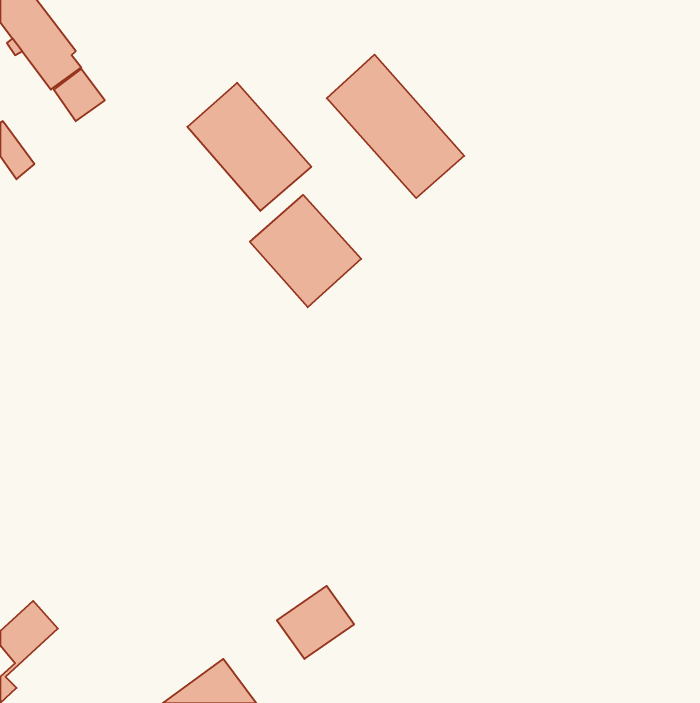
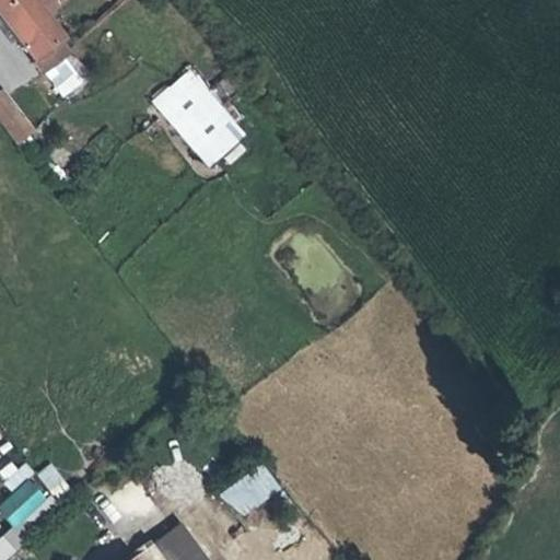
building: [327,55,464,198] -> none
building: [250,195,361,307] -> none

